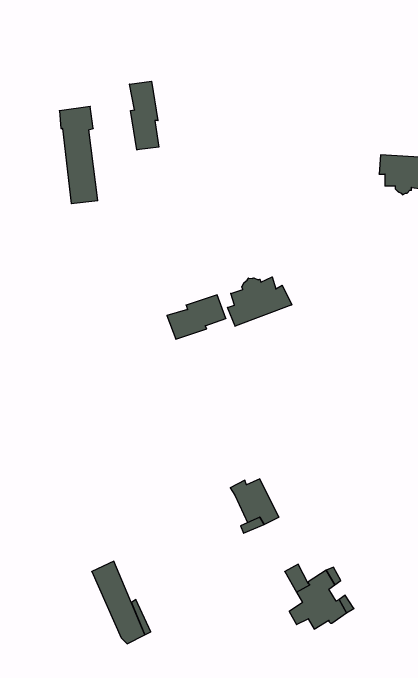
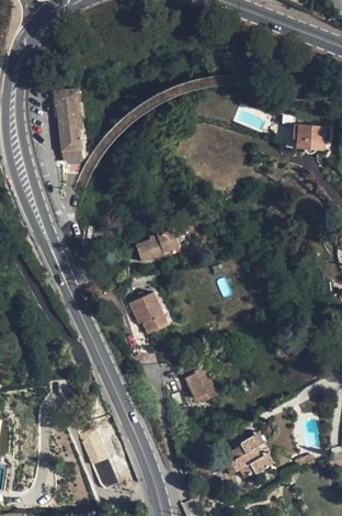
building: [130,81,159,150] -> none
building: [228,277,292,326] -> none
building: none -> [130,292,169,333]

